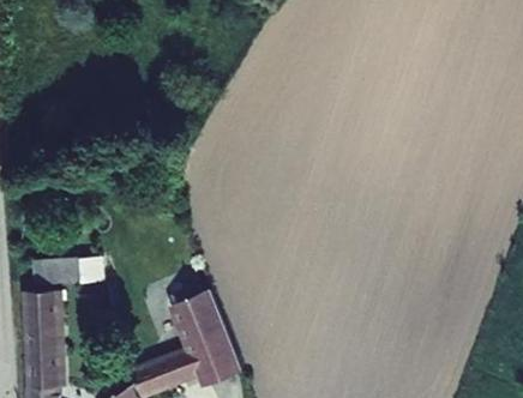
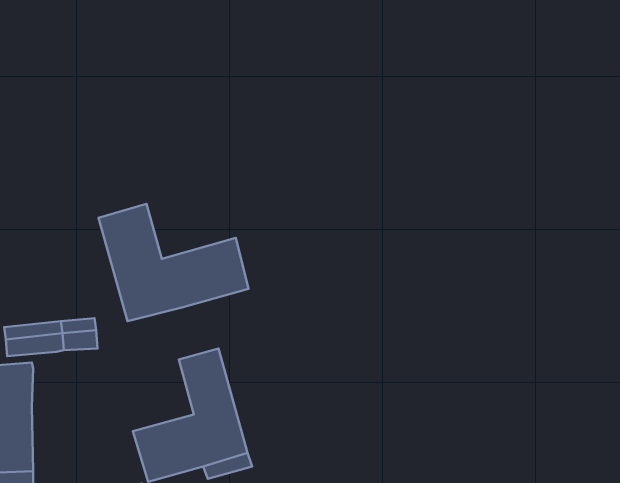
building: none -> [99,204,248,321]

